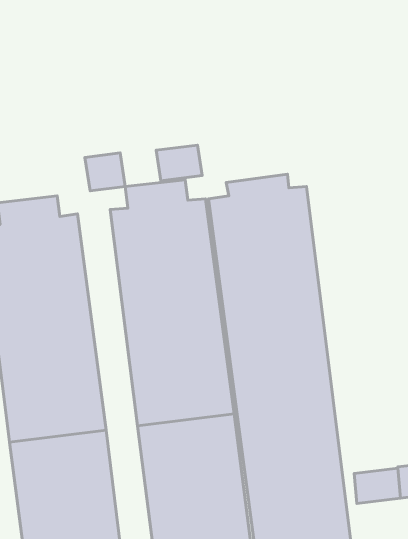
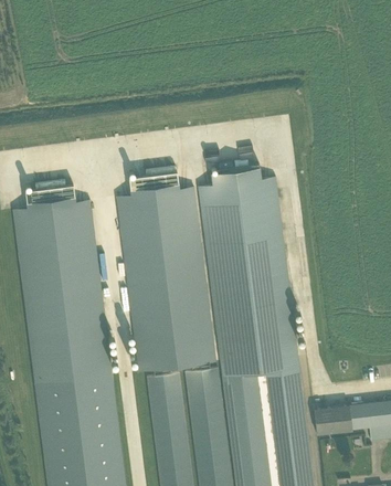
building: [156,145,202,181] -> none
building: [85,153,125,191] -> none

